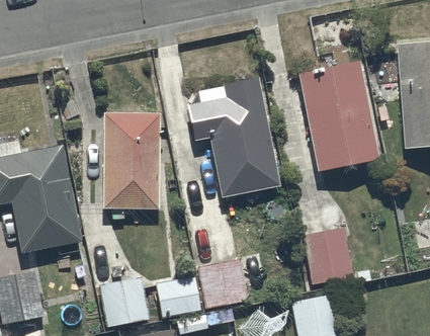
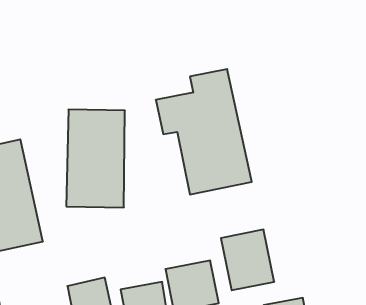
building: [297,63,377,171] -> none
building: [302,226,352,283] -> [221,230,274,290]

